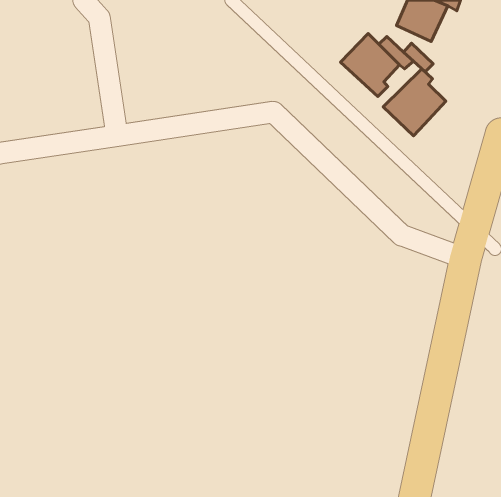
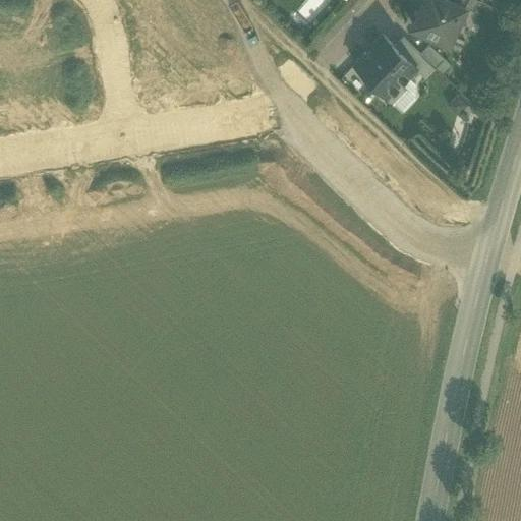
building: [383,69,446,136] -> none

